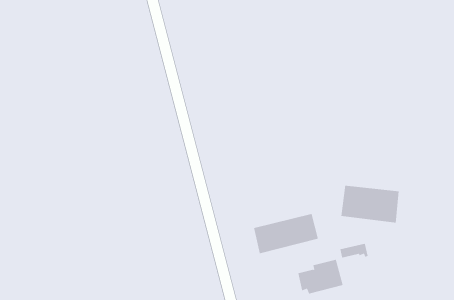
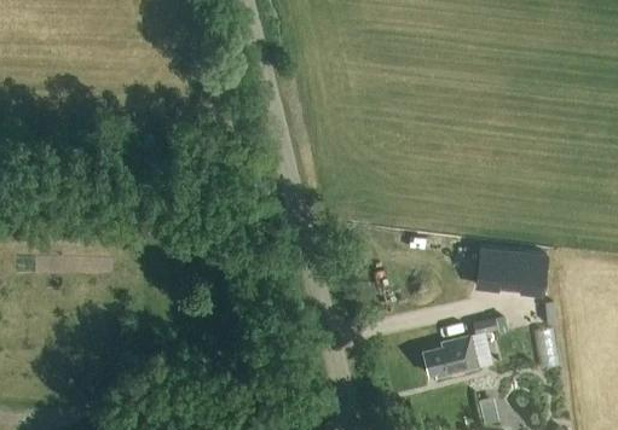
building: [254,213,319,254] -> none

